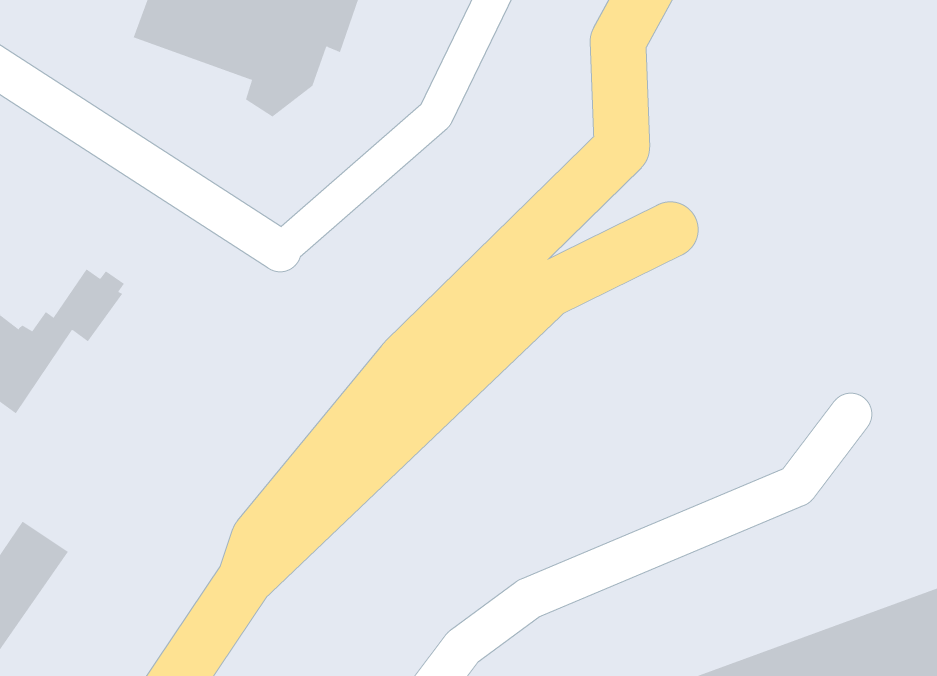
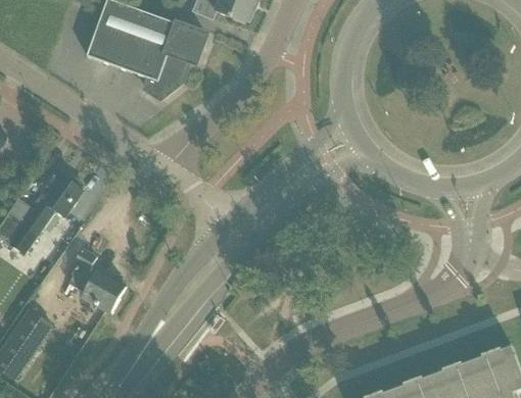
building: none -> [69,248,127,312]

